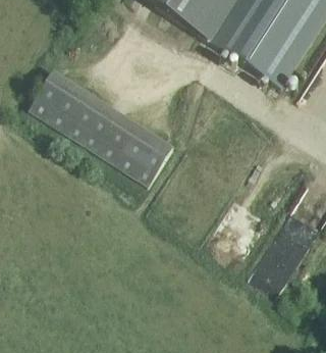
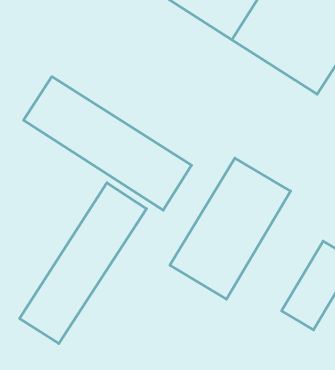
building: none -> [170,158,291,299]
building: none -> [20,183,147,344]

